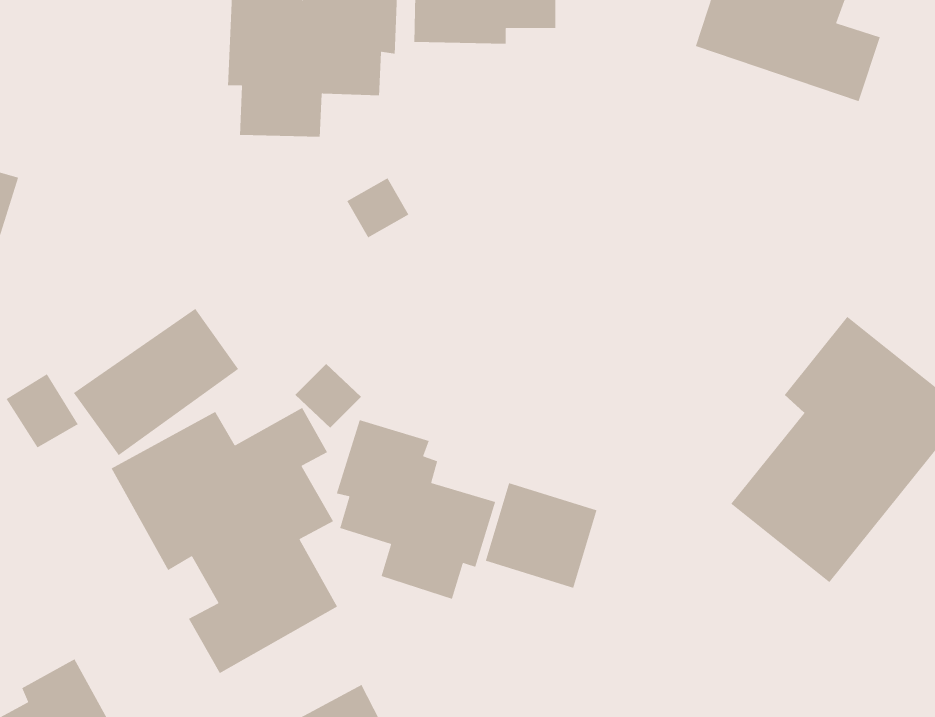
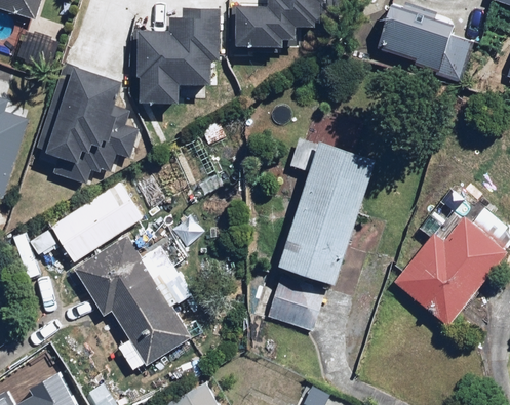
building: none -> [38,57,141,178]
building: none -> [280,111,370,284]
building: [336,419,496,600] -> none

